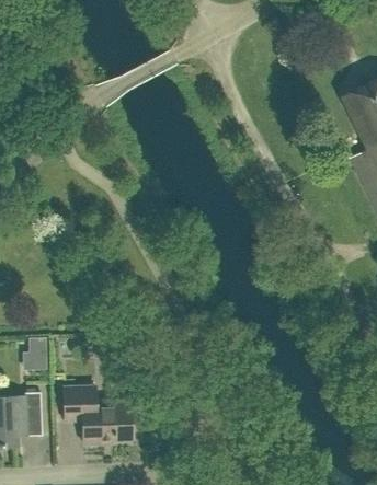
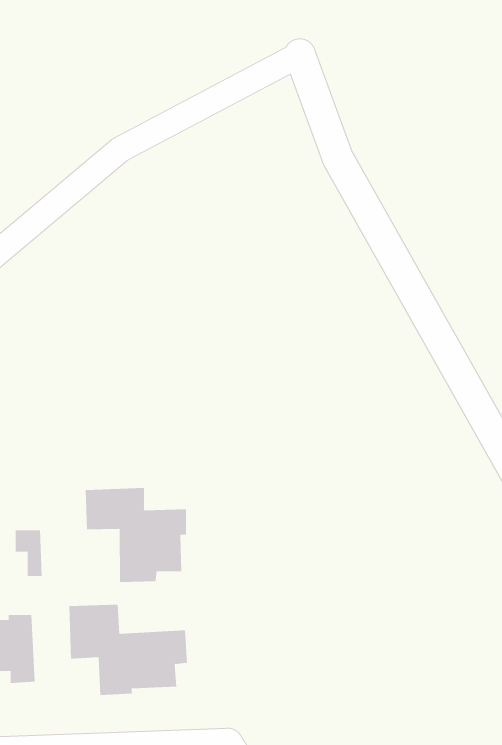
building: none -> [85,487,187,583]

